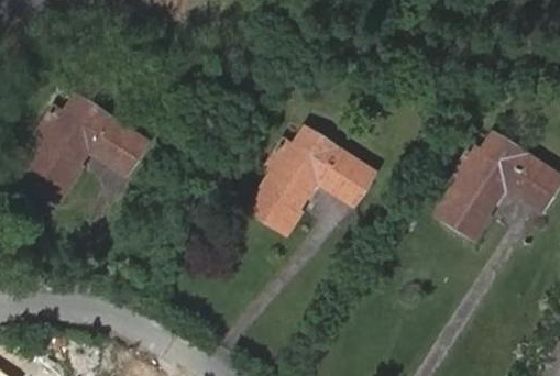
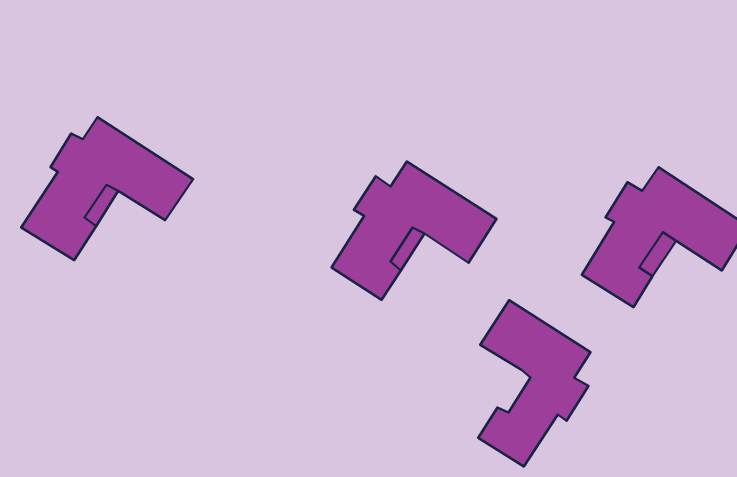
building: none -> [478,300,591,467]

